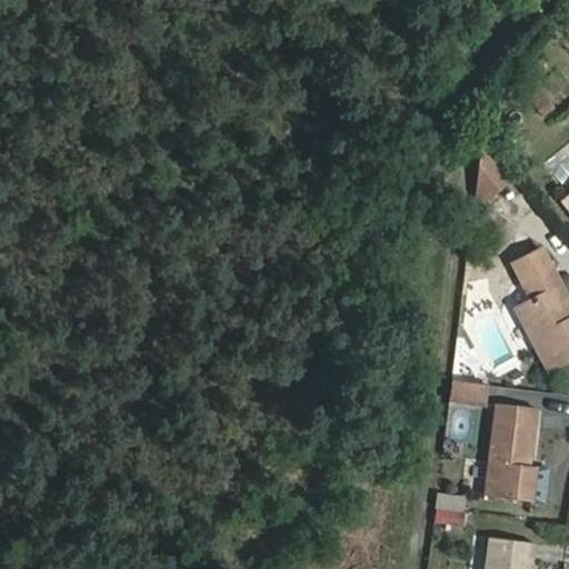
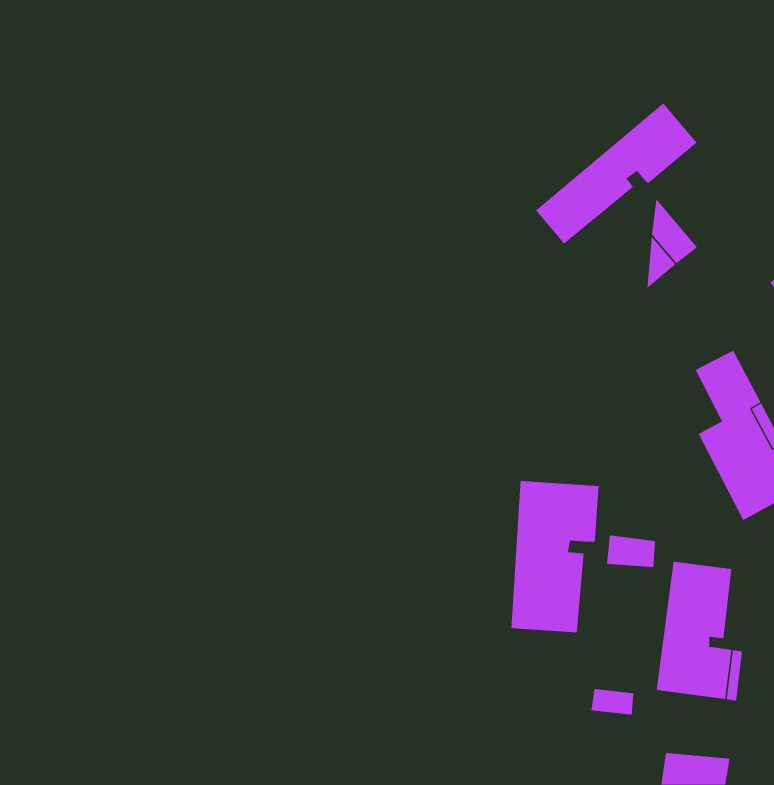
building: none -> [535,102,697,245]
building: none -> [511,480,599,633]

